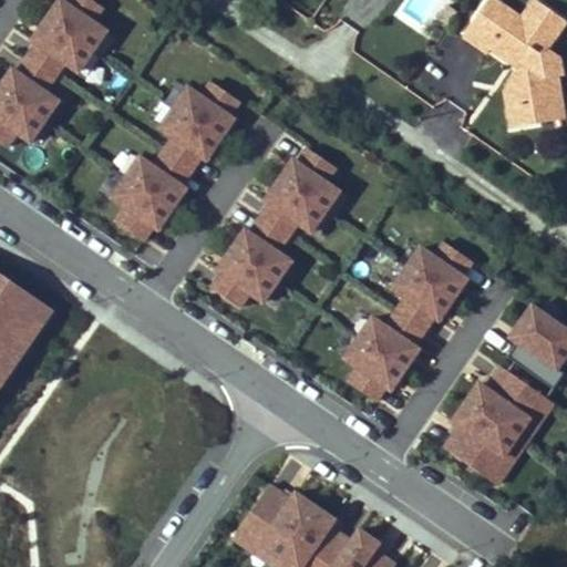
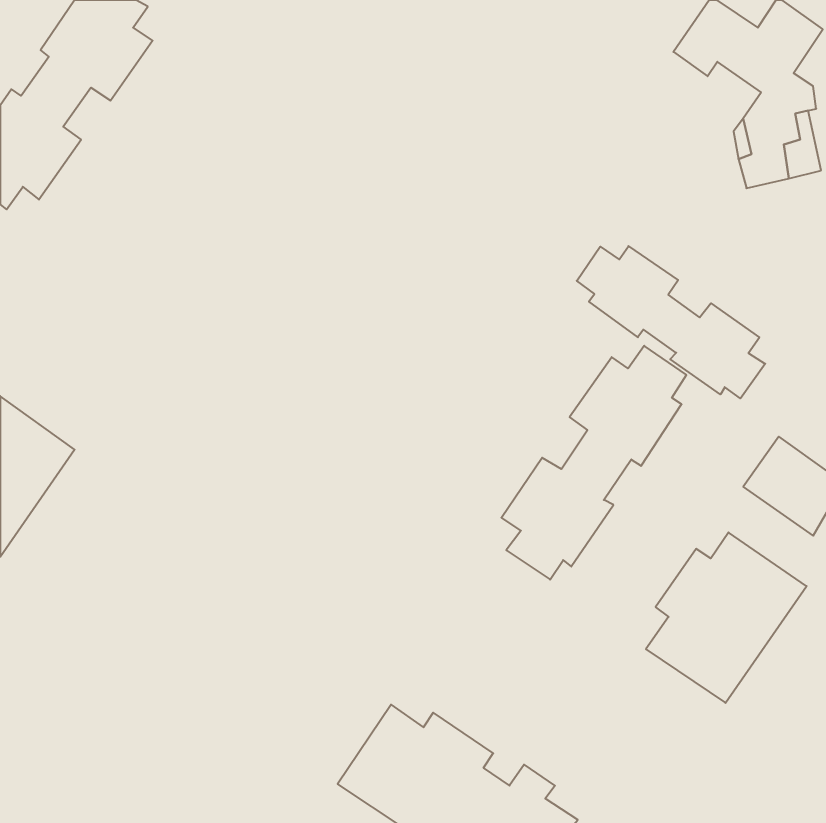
building: [110,80,237,239] -> none
building: [213,146,341,305] -> none
building: none -> [577,246,765,398]

